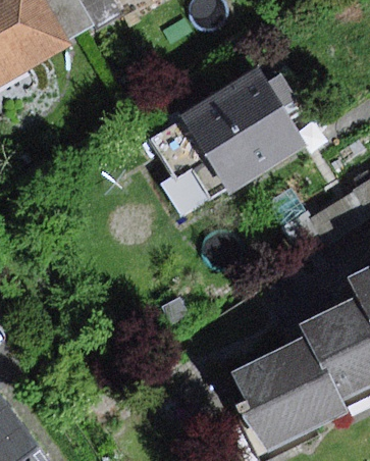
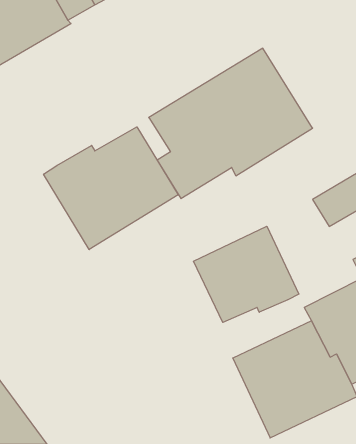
building: none -> [44,127,178,250]
building: none -> [194,226,299,322]

